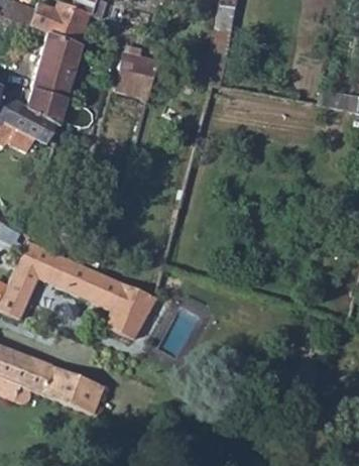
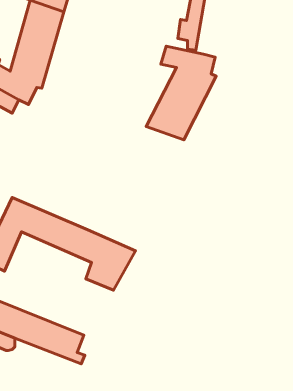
building: [115,52,159,98] -> none
building: none -> [146,46,216,140]

